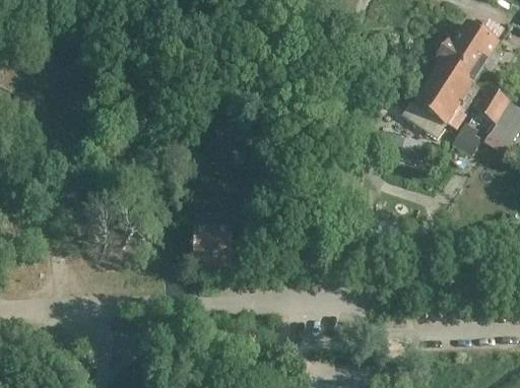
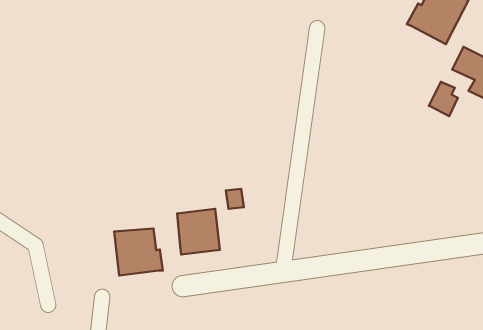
building: [400,63,471,138] -> none
building: none -> [114,228,163,276]

